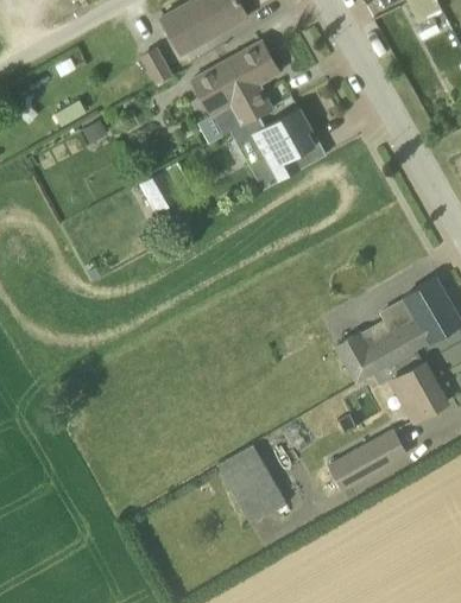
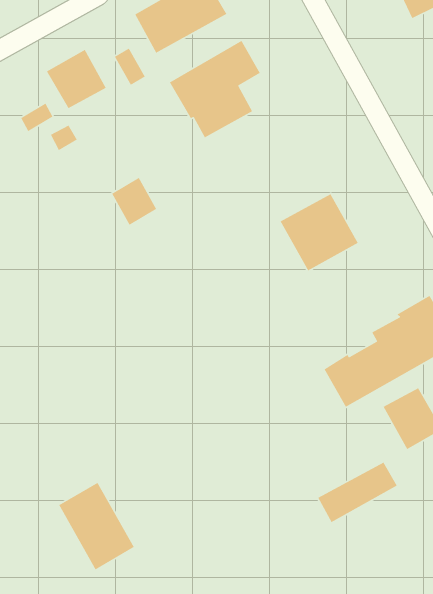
building: none -> [46,49,107,109]
building: [251,109,324,182] -> [280,193,359,271]
building: [216,444,288,526] -> [58,482,135,570]

